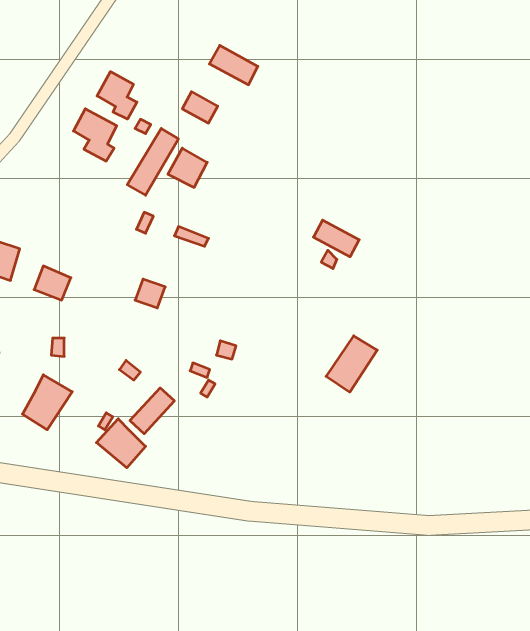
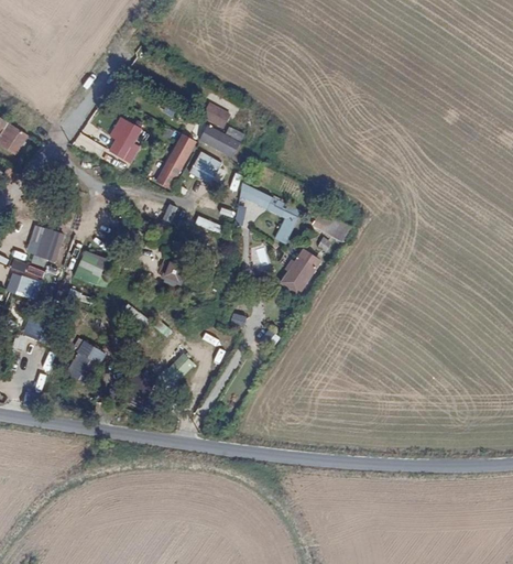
building: [209,45,258,85] -> [198,124,239,158]
building: [97,72,137,119] -> none
building: none -> [239,182,301,242]
building: [326,336,377,392] -> [279,249,321,296]
building: [96,419,146,468] -> none

